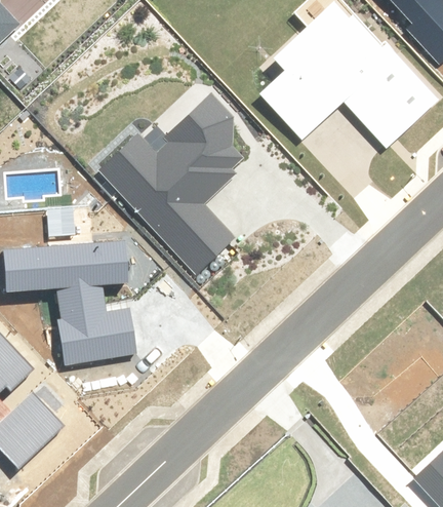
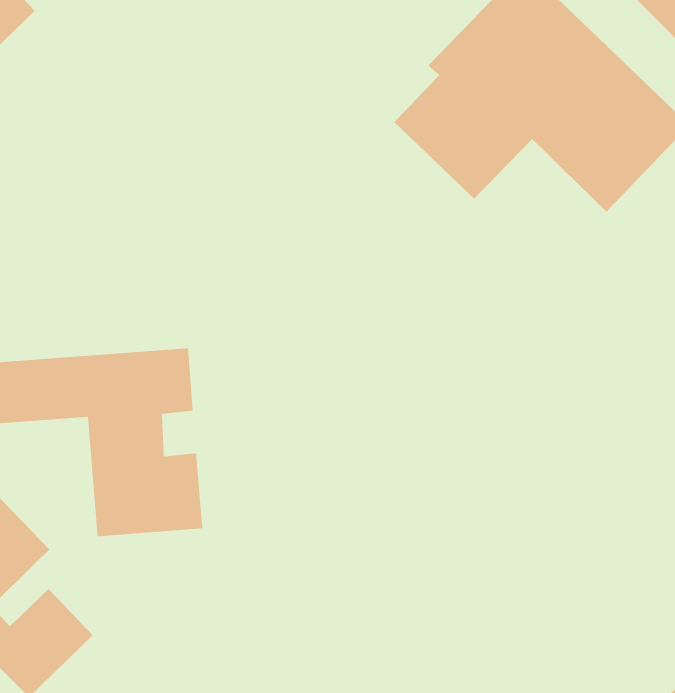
building: [98,93,241,270] -> none

